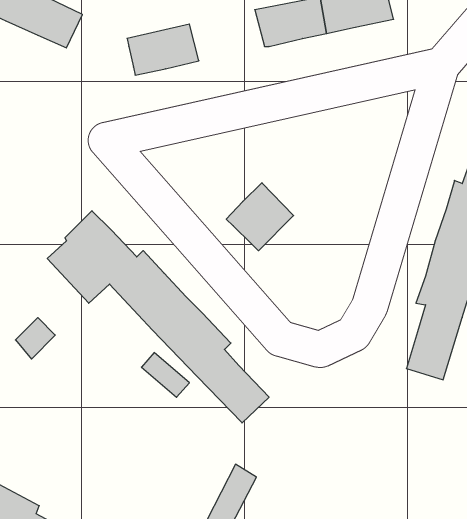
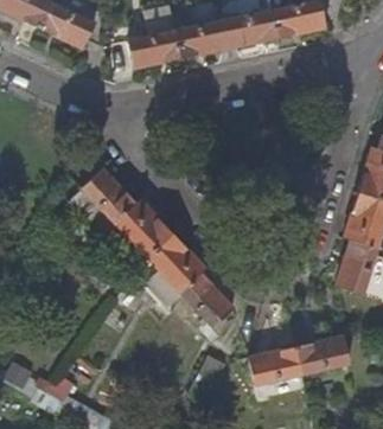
building: none -> [174,19,230,57]
building: [226,183,294,251] -> none
building: none -> [248,334,349,384]

